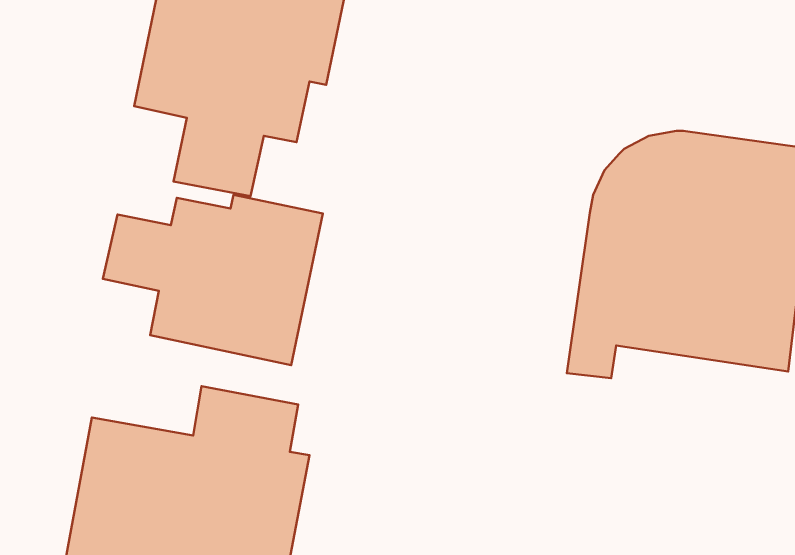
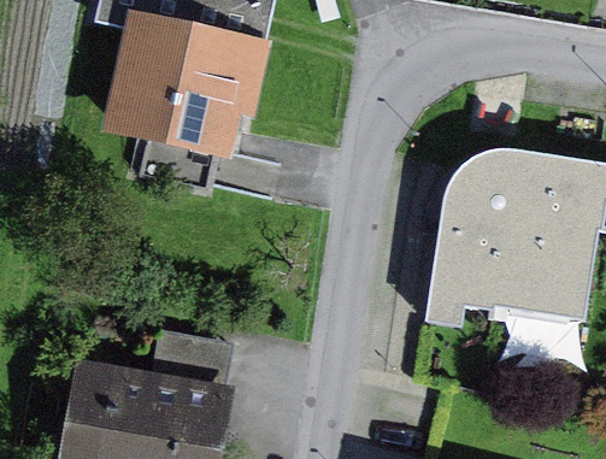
building: [103,195,323,365] -> none

